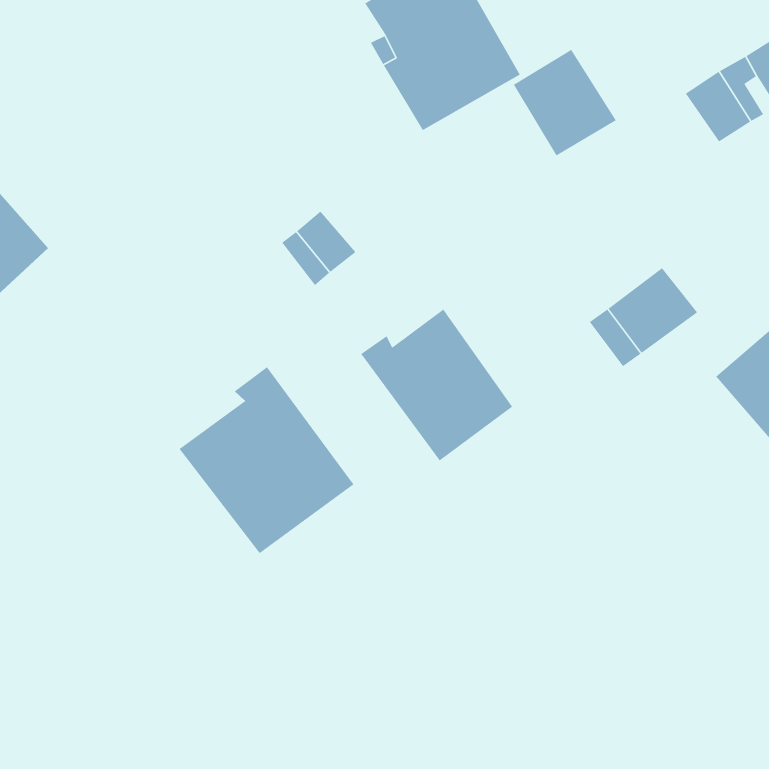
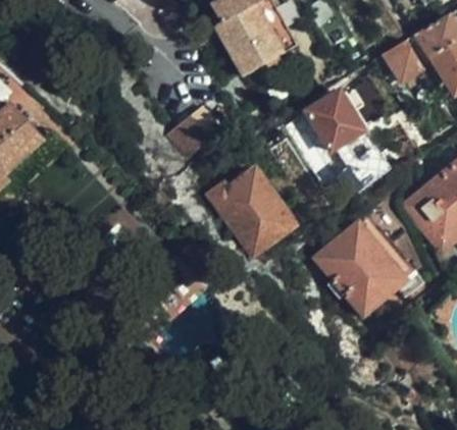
building: [513,49,617,156] -> [305,94,361,152]
building: [179,366,354,554] -> none
building: none -> [312,215,421,316]

